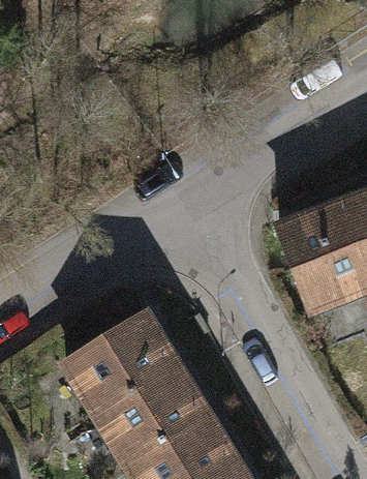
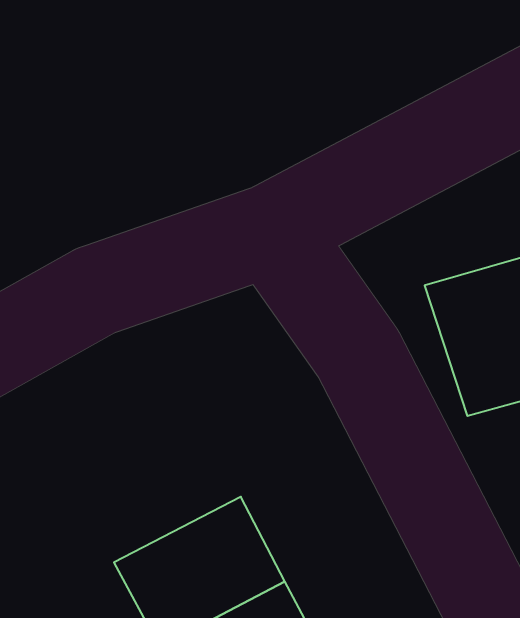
building: [63,317,173,416] -> none

